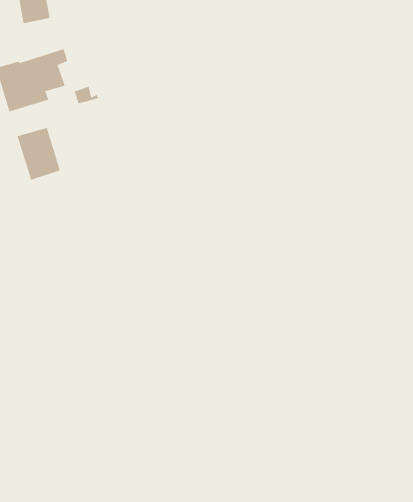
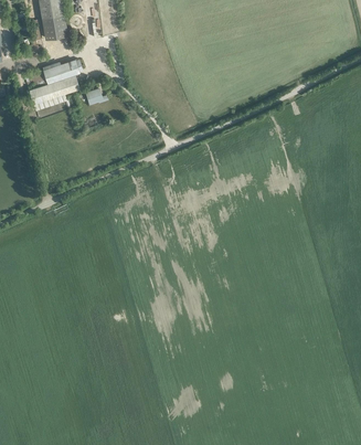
building: [17,127,60,181] -> none

